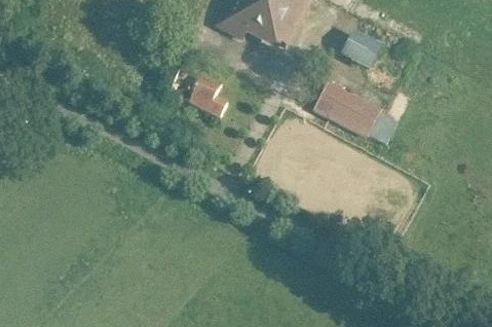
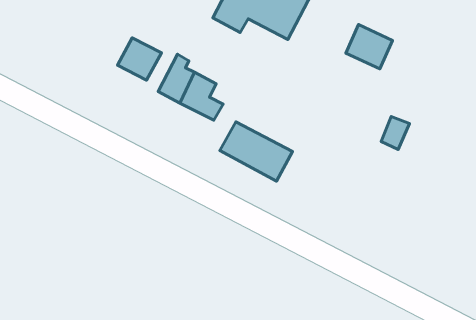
building: none -> [117,38,161,80]
building: [313,82,379,136] -> [220,122,293,181]

